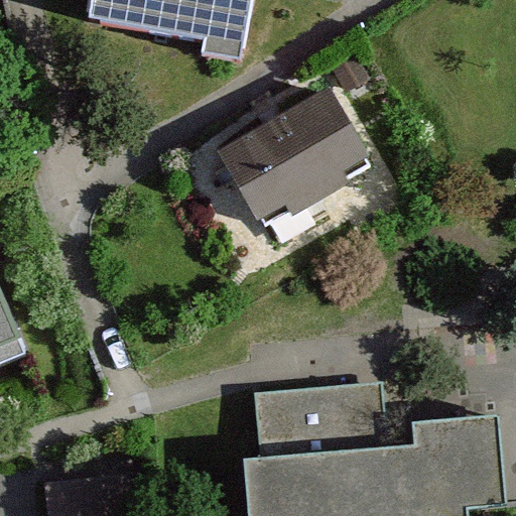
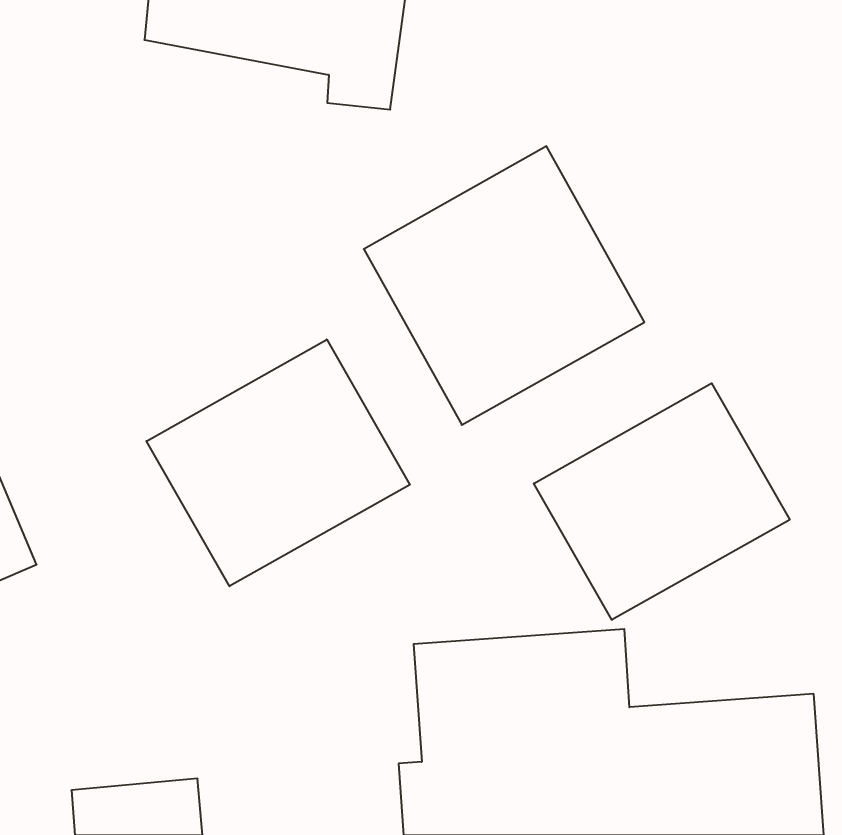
building: none -> [146,339,410,586]
building: none -> [534,383,790,620]

